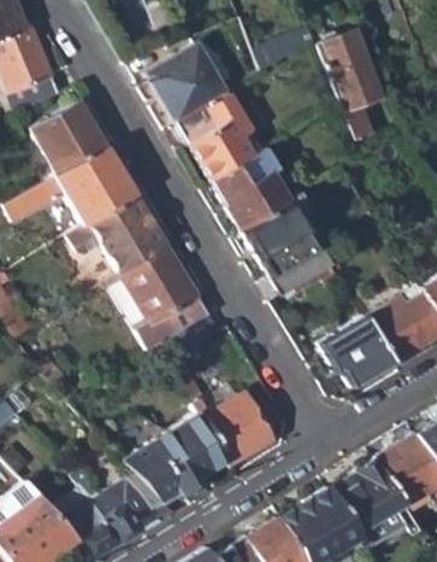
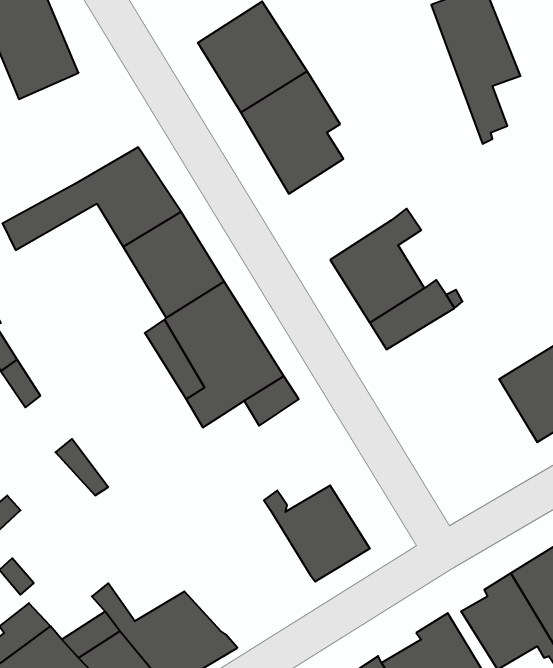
building: [35,104,105,174] -> none
building: [214,159,289,229] -> none
building: [321,314,395,386] -> none
building: [125,411,230,502] -> none

